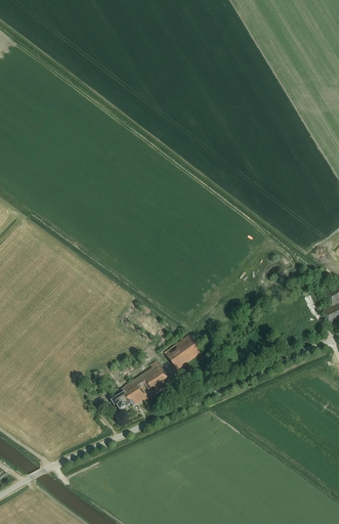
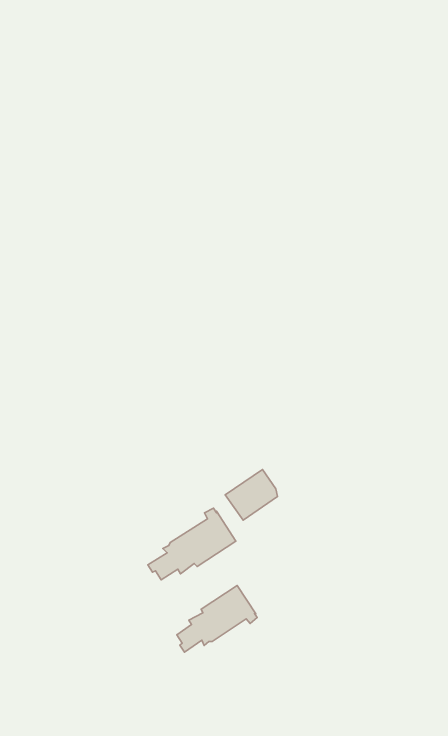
building: none -> [177,586,257,652]

